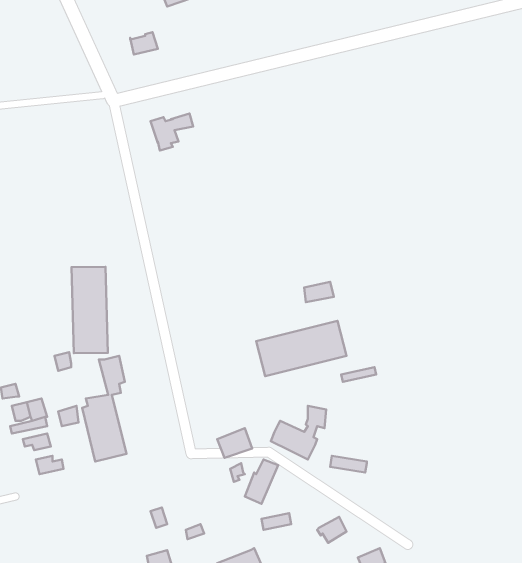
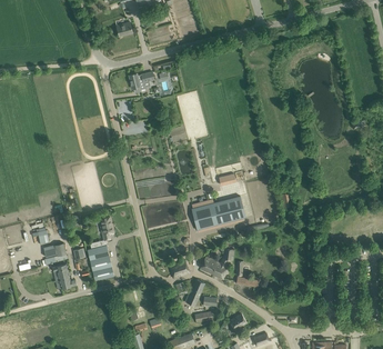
building: [72,267,108,353] -> none

